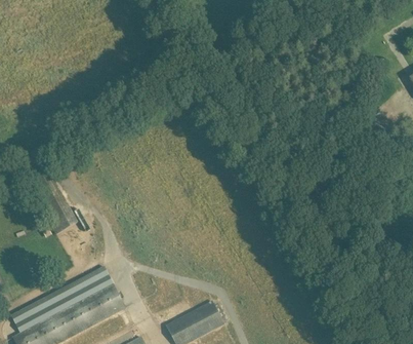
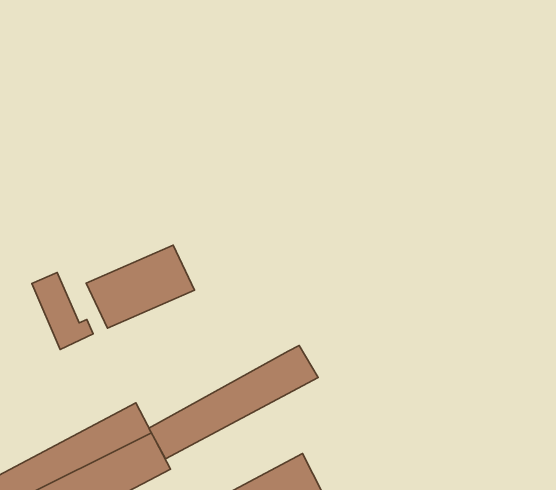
building: none -> [86,245,194,328]
building: none -> [149,346,318,459]

